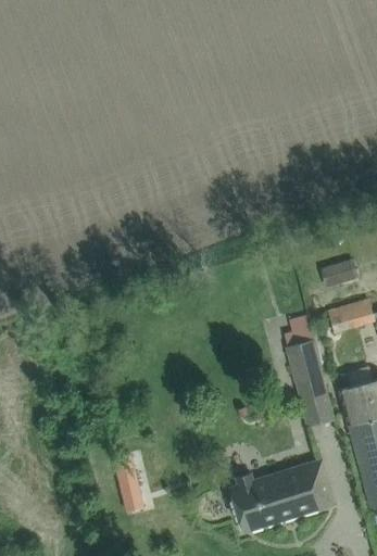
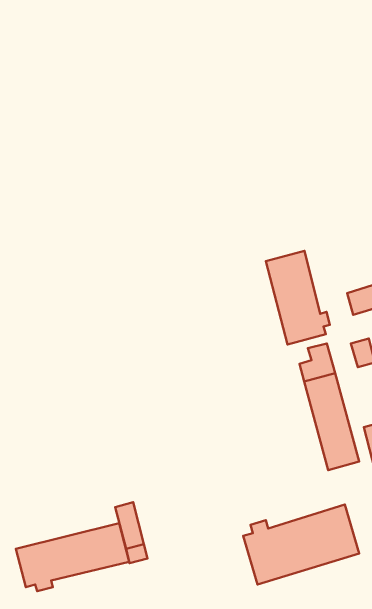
building: none -> [266,251,330,344]
building: none -> [16,523,129,591]

